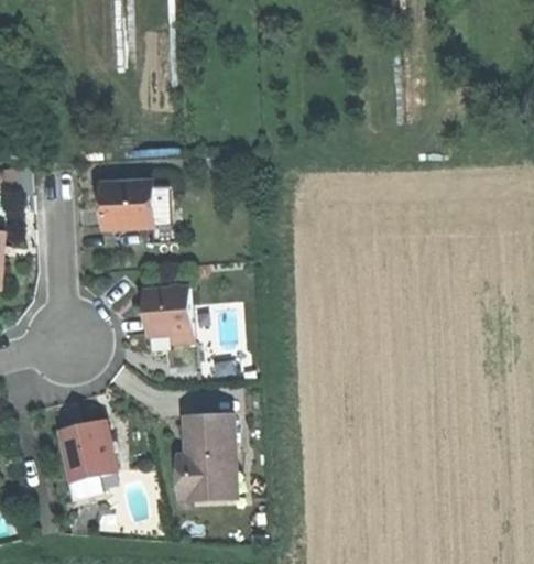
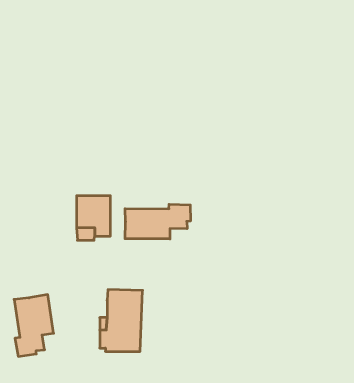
building: [101,180,172,243] -> none
building: none -> [125,204,190,239]

